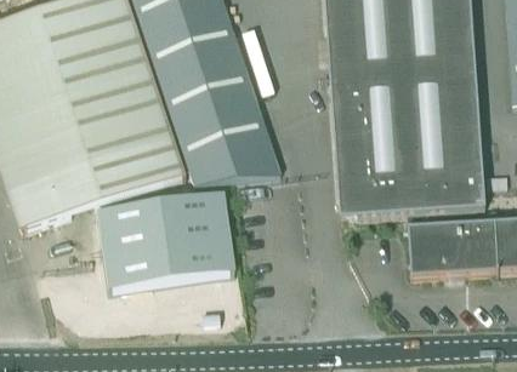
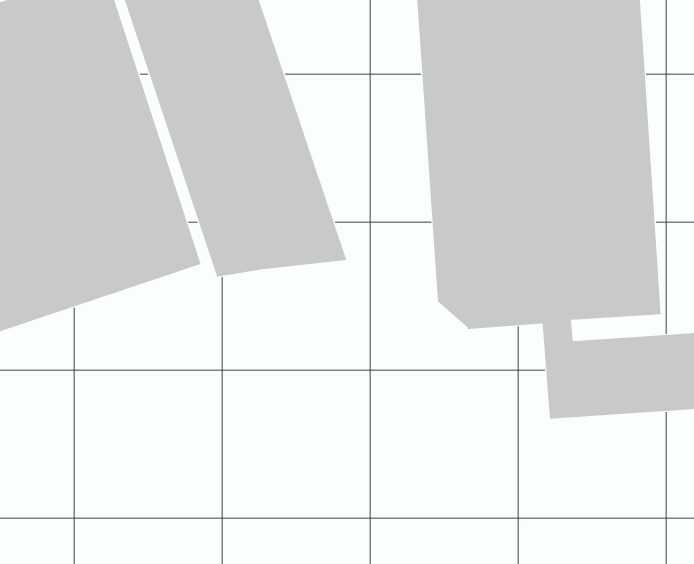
building: [96,191,233,287] -> none

